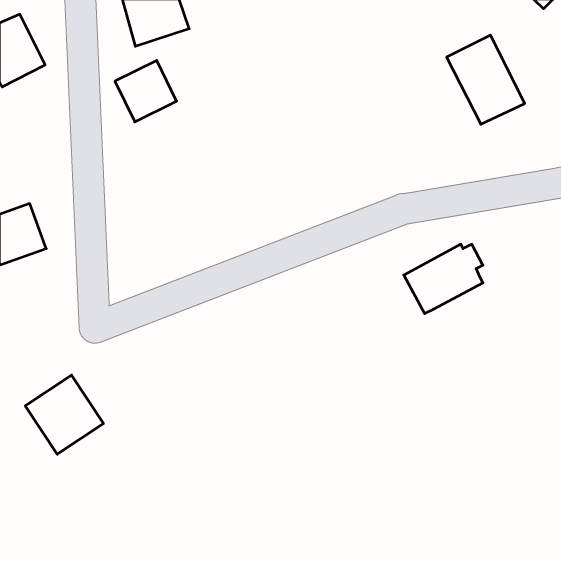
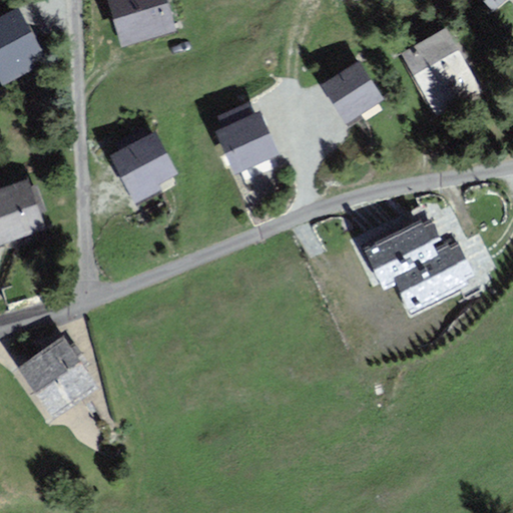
building: [115,60,177,122] -> [117,136,173,192]
building: none -> [327,66,379,118]
building: none -> [219,114,275,169]
building: none -> [395,244,469,310]

